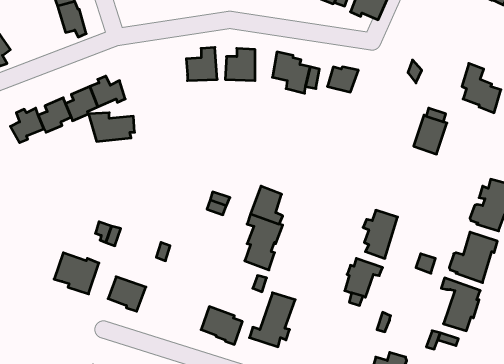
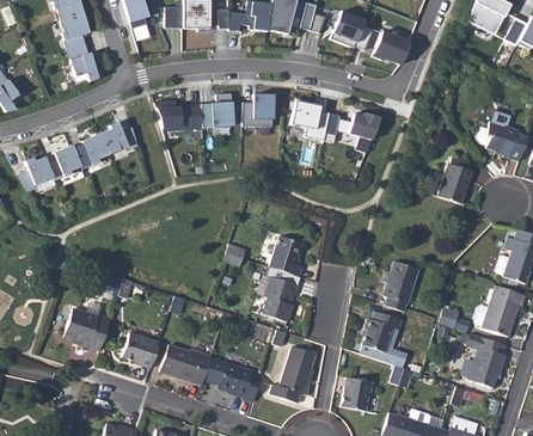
building: [89,113,135,141] -> [154,100,202,130]
building: none -> [159,344,210,385]
building: none -> [342,379,374,412]

